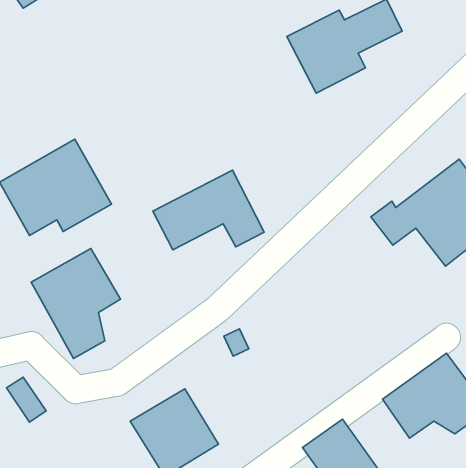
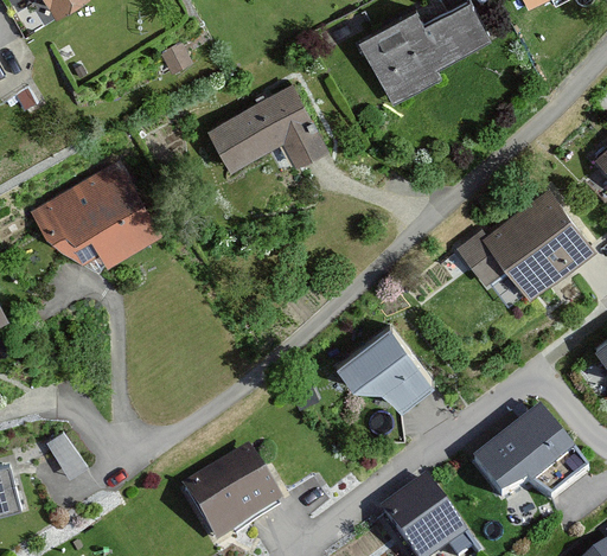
building: [153,170,264,250] -> [205,82,331,172]
building: [31,248,120,358] -> none
building: none -> [334,321,430,402]

